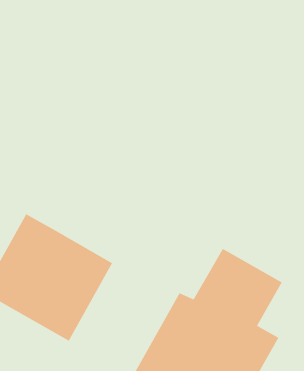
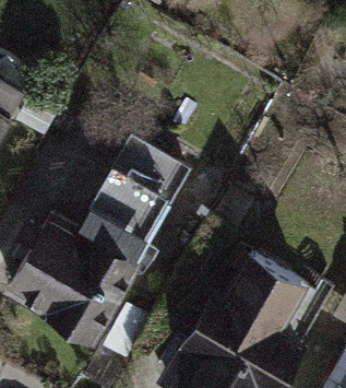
building: none -> [79,146,187,270]

